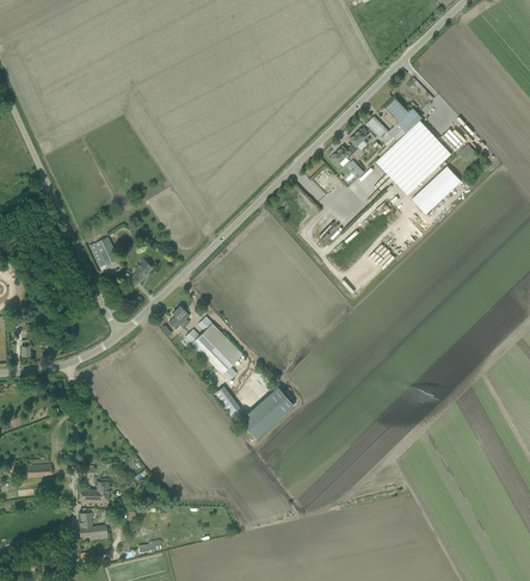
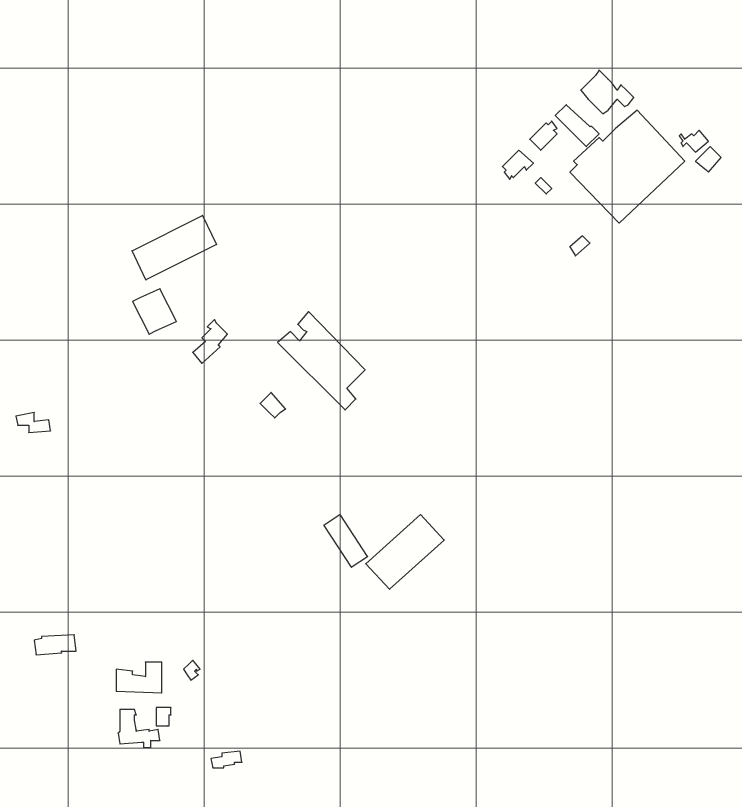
building: [412,166,462,215] -> none
building: none -> [132,215,216,280]
building: [185,316,242,381] -> [278,312,365,410]

